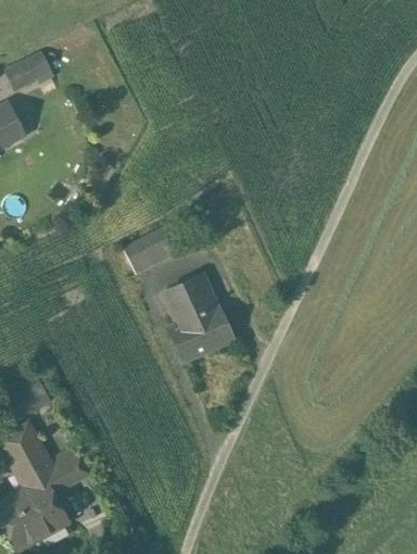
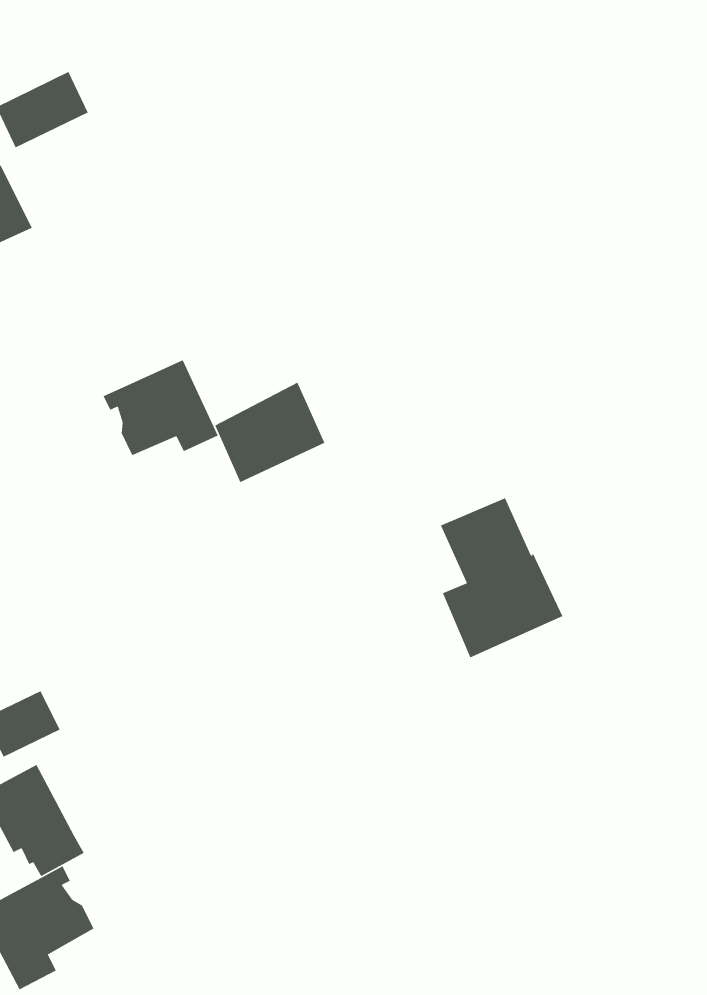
building: none -> [102,359,219,456]
building: [167,278,235,366] -> [440,497,563,658]
building: [43,454,86,493] -> none

